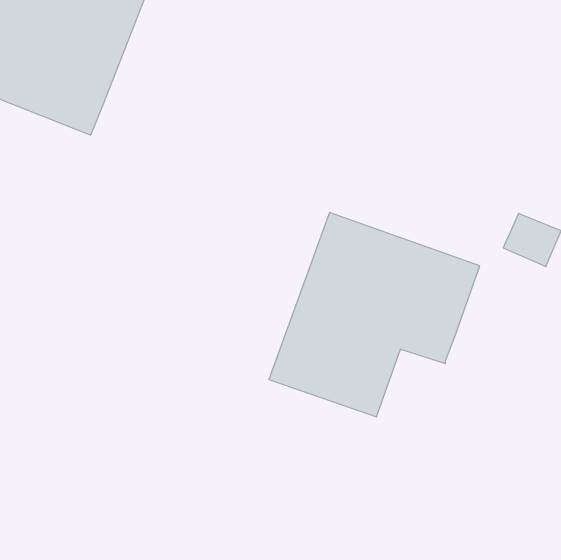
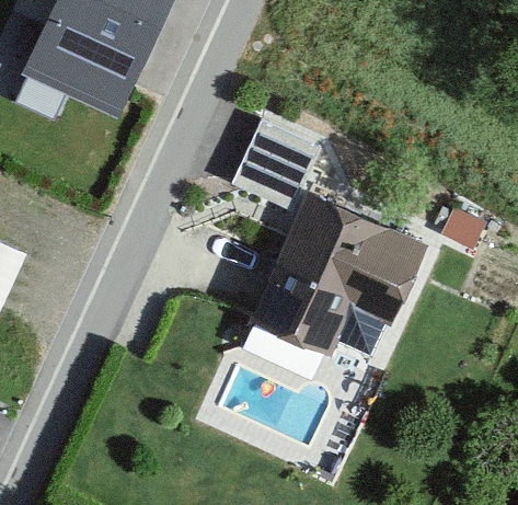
building: none -> [231,118,322,211]

